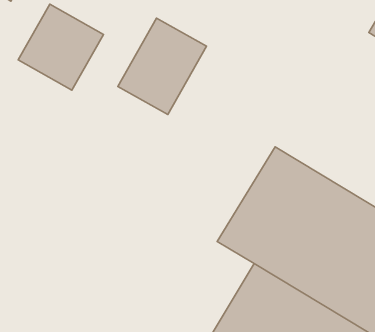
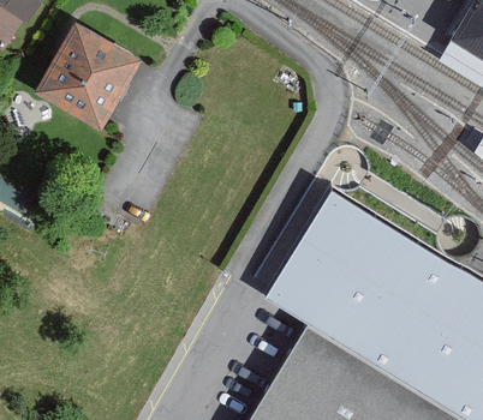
building: [118,18,206,115] -> none

